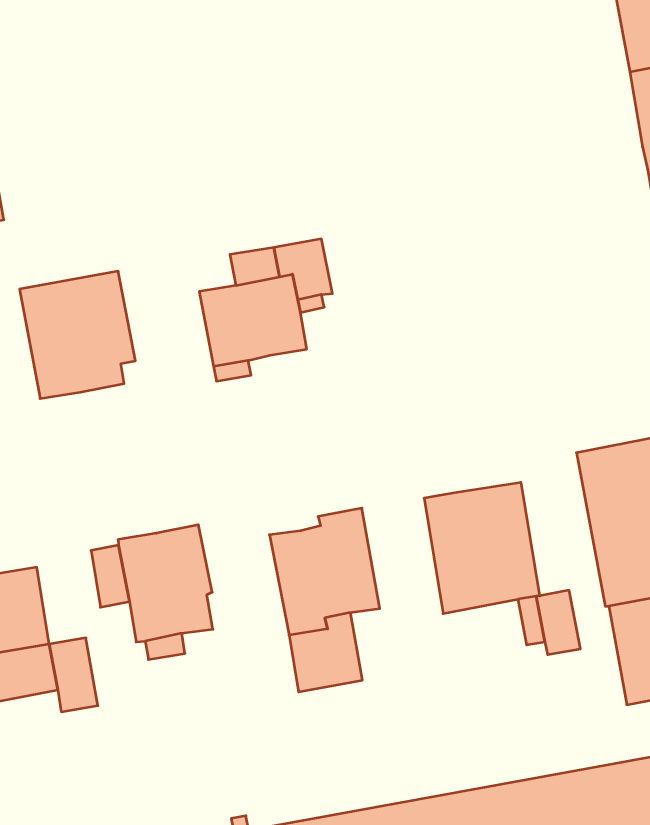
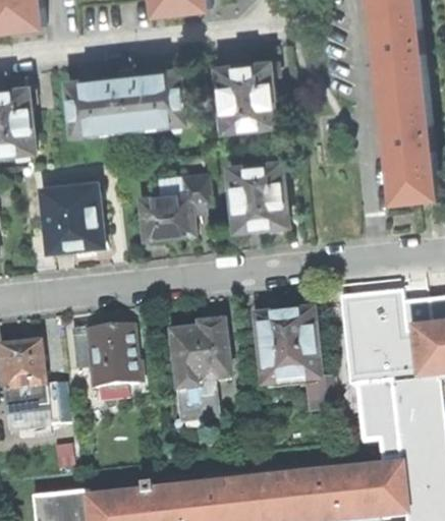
building: none -> [218,59,276,129]
building: none -> [68,70,185,133]
building: none -> [229,161,288,229]

